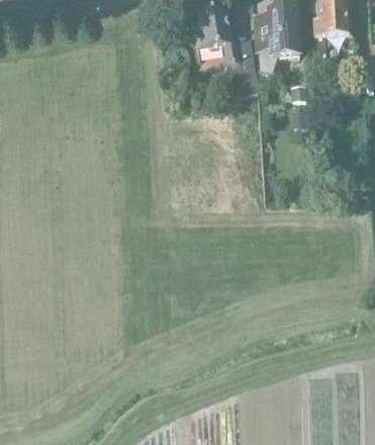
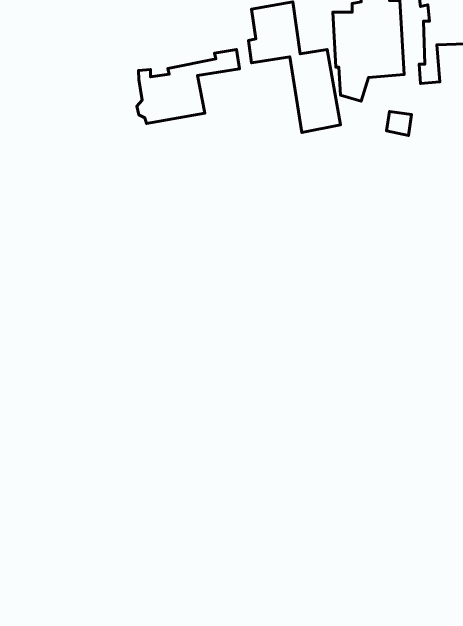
building: none -> [137,50,239,124]

